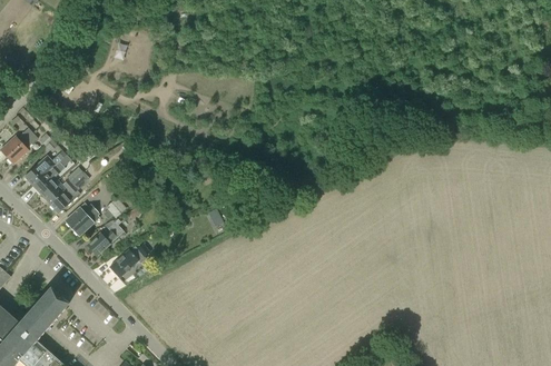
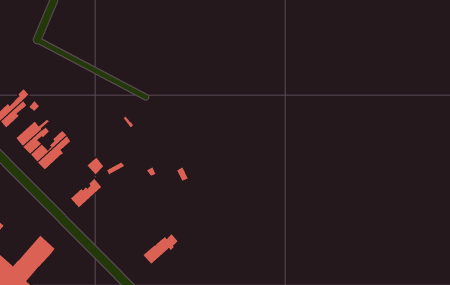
building: [63,202,99,237] -> none
building: [108,243,149,278] -> [143,233,179,264]

